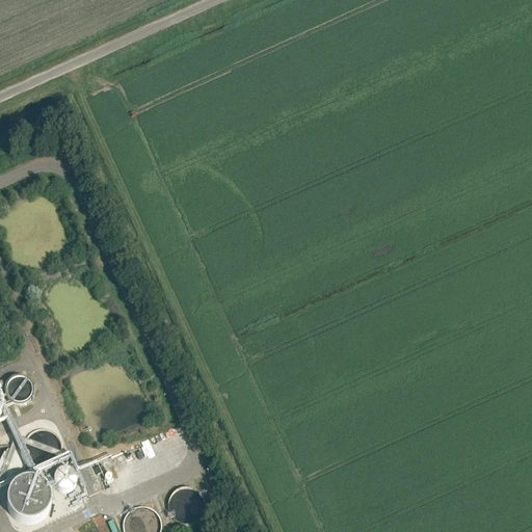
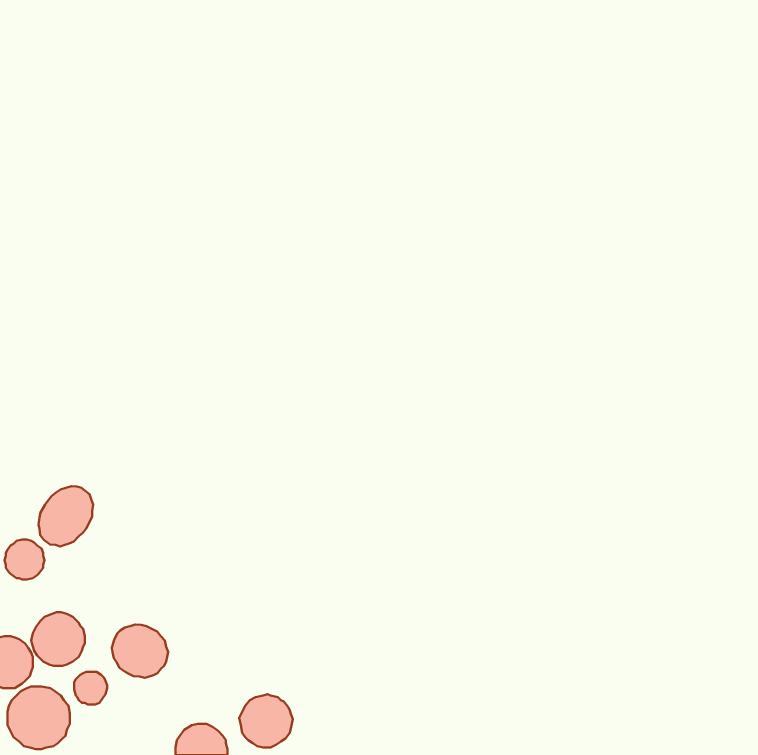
building: none -> [39,486,93,546]
building: none -> [112,625,168,678]

